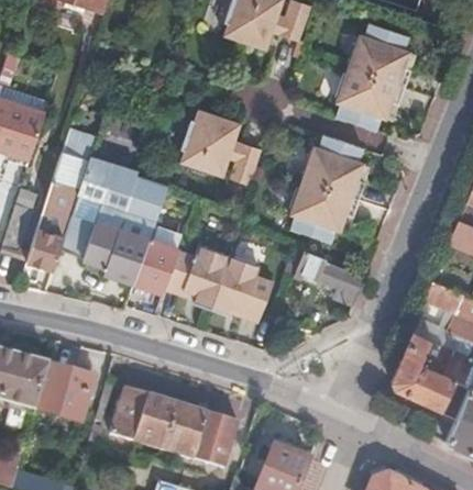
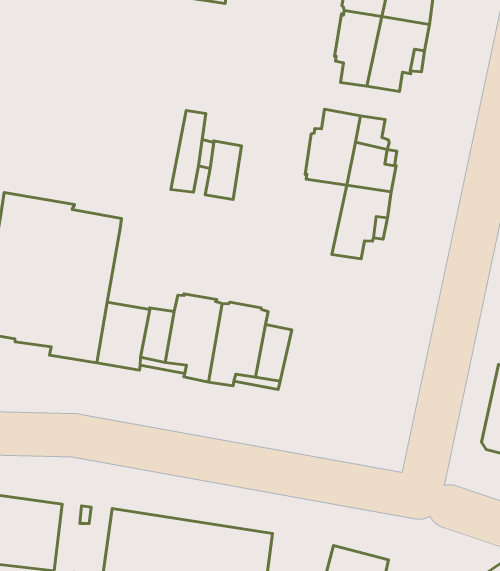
building: [180,110,227,172] -> none
building: [289,181,329,236] -> none
building: [296,252,362,305] -> none

